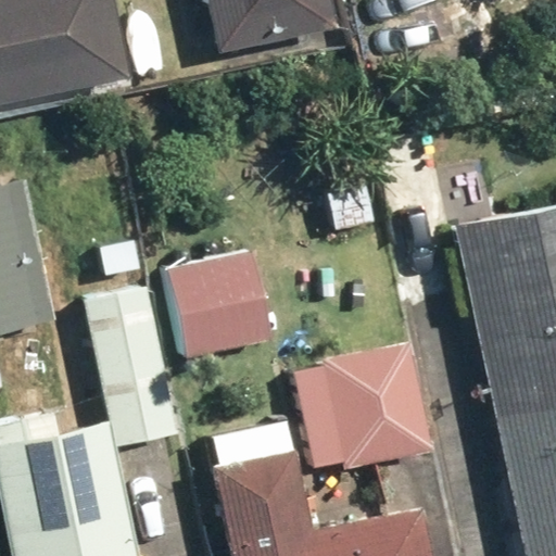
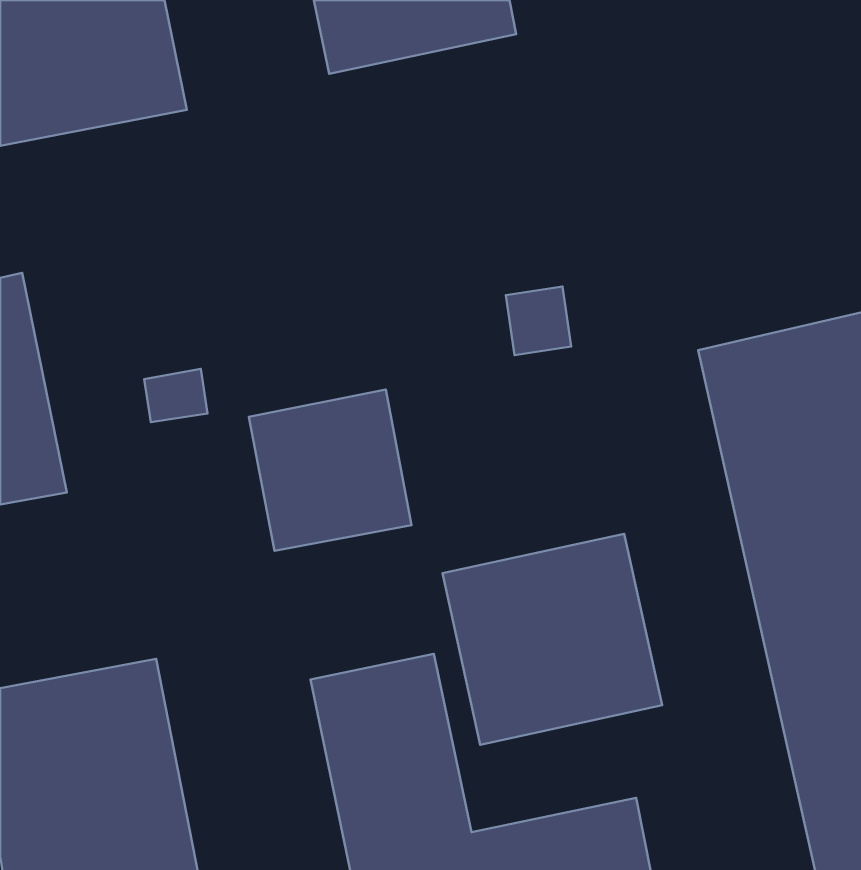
building: [88,288,177,444] -> none

